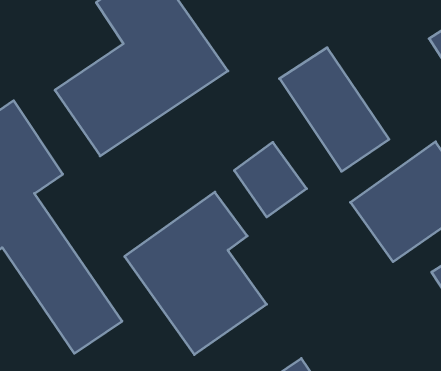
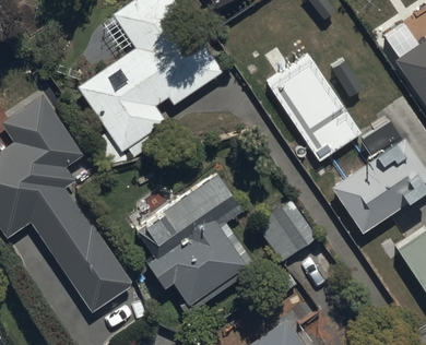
building: [234,142,307,217] -> [256,200,317,263]

